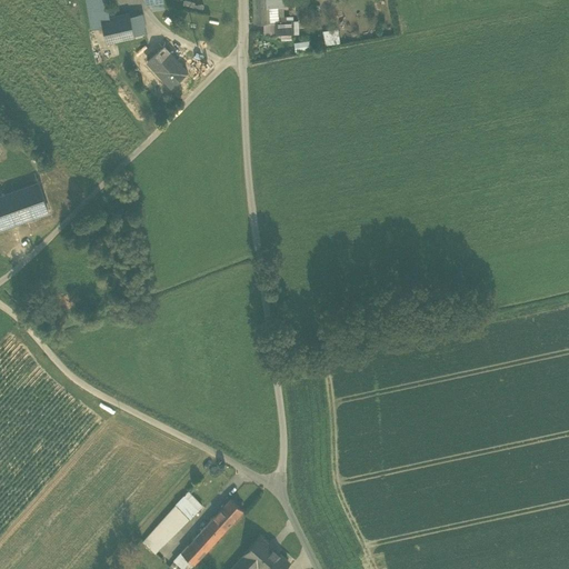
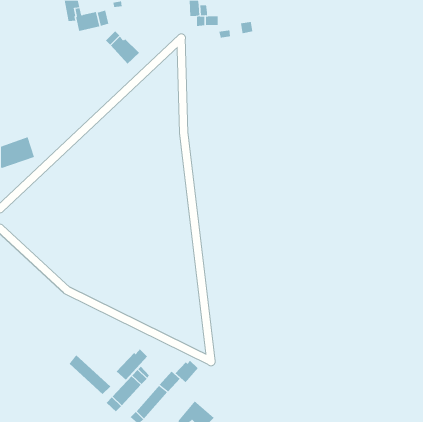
building: none -> [116,349,148,381]
building: none -> [69,354,111,395]
building: none -> [175,360,199,383]

